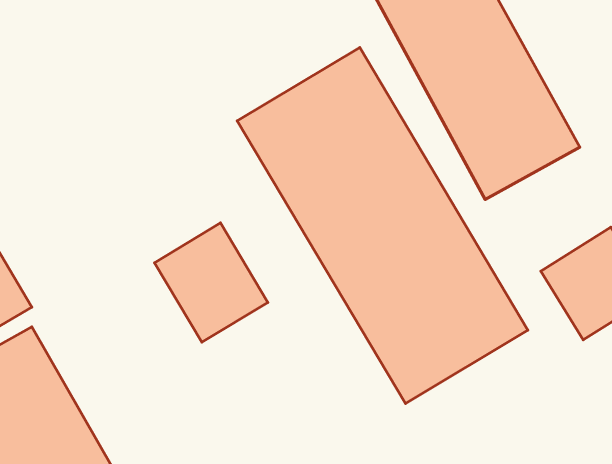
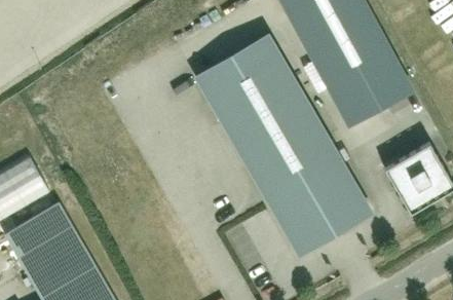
building: [155,223,268,342] -> none

